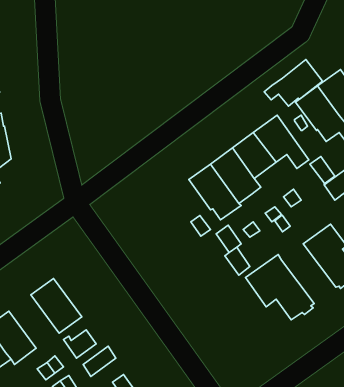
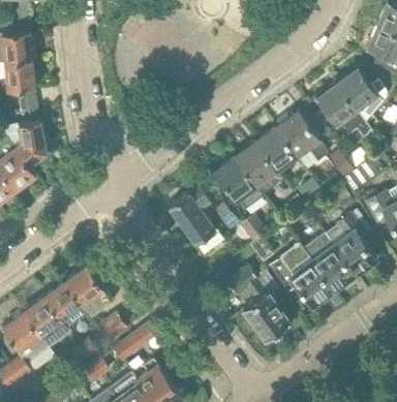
building: [264,60,322,106] -> none
building: none -> [167,186,222,256]
building: none -> [302,235,354,292]
building: none -> [225,267,288,341]
building: none -> [43,283,88,331]

